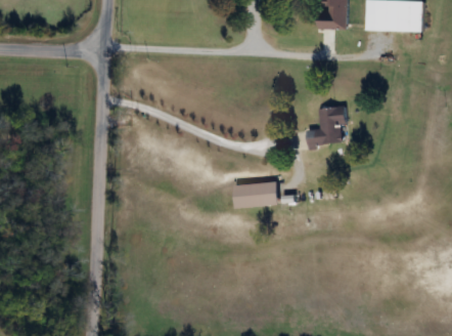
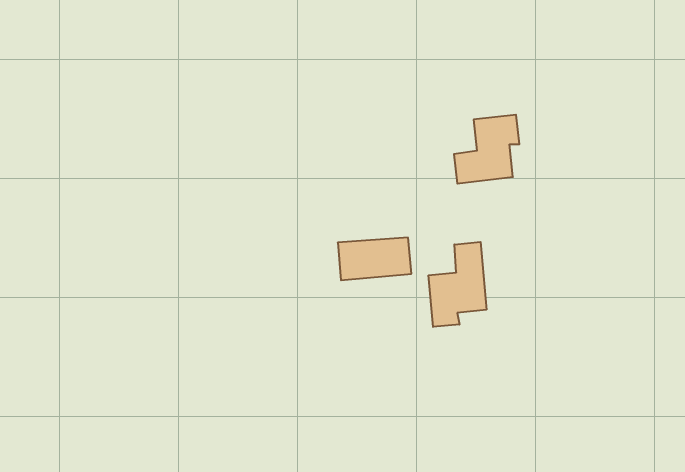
building: none -> [429,242,486,327]

